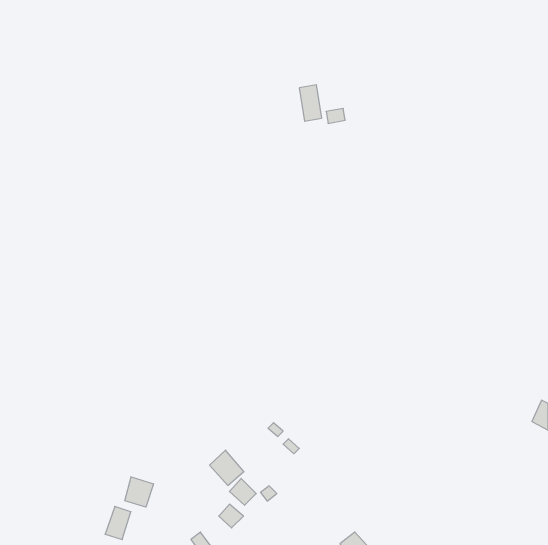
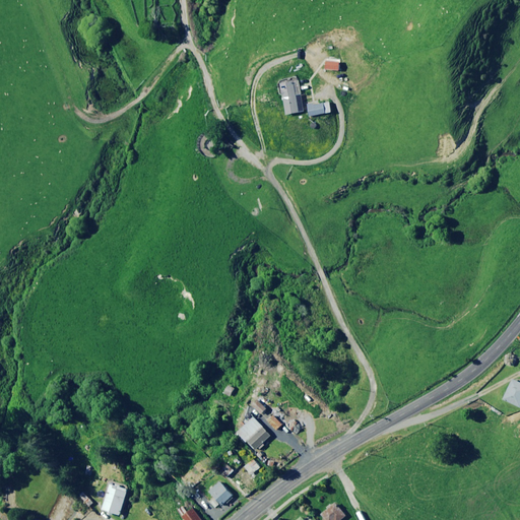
building: [210,450,244,485] -> [236,413,268,447]
building: [125,477,153,507] -> none

